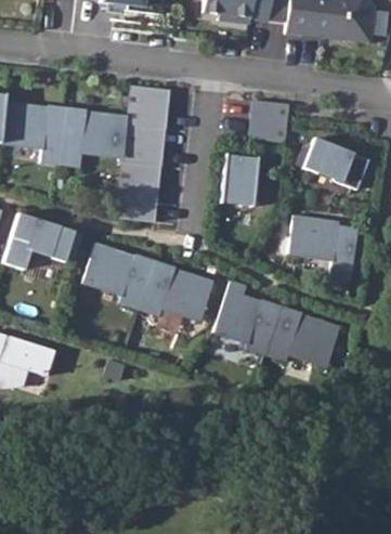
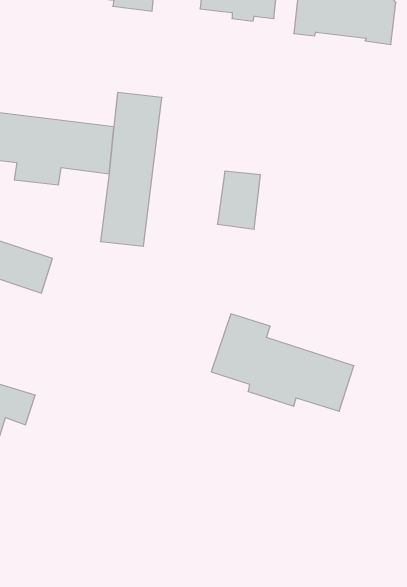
building: [248,100,289,141] -> none
building: [302,138,368,190] -> none
building: [289,214,359,283] -> none
building: [83,242,213,321] -> none

